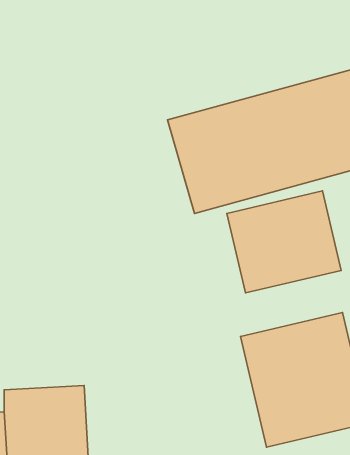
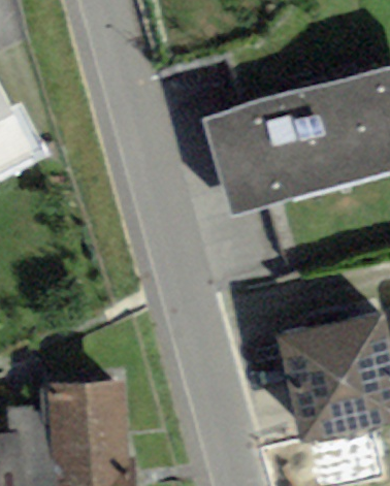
building: [227,191,341,293] -> none

